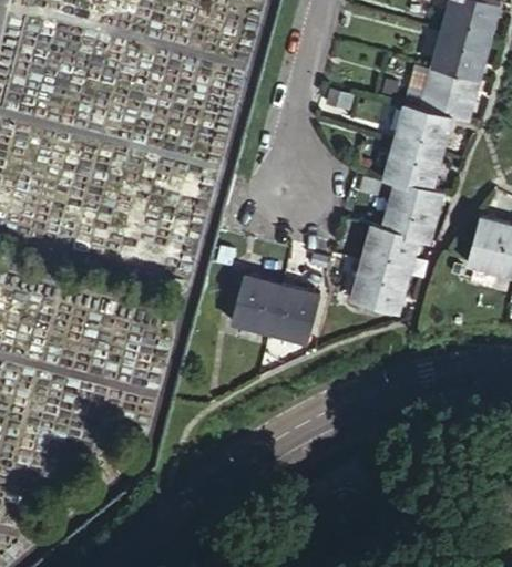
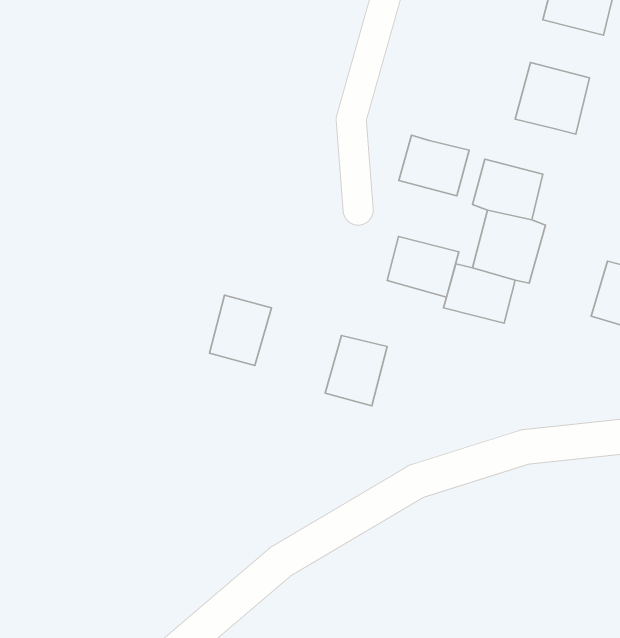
building: [431,31,490,78] -> none
building: [395,106,451,155] -> [399,135,469,196]
building: [352,262,410,311] -> [387,237,459,297]
building: [229,275,279,331] -> [209,295,271,366]

